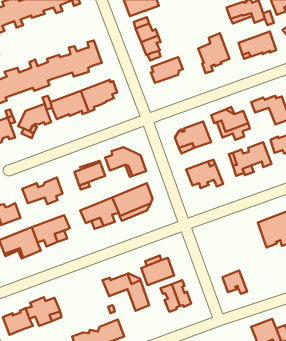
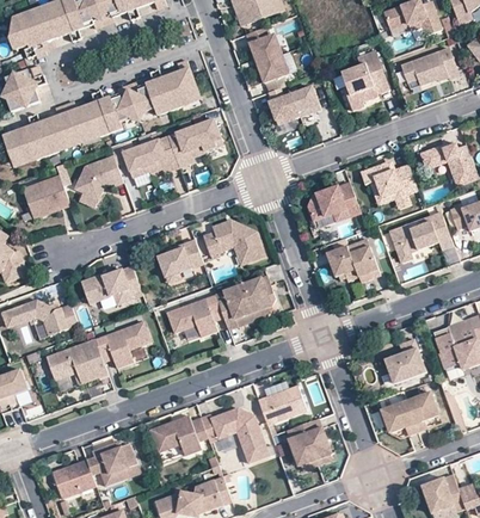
building: none -> [383,340,424,384]
building: none -> [402,395,436,434]
building: none -> [150,415,207,463]

